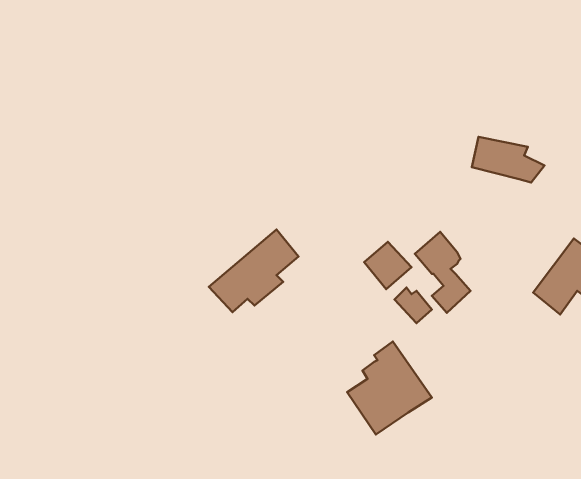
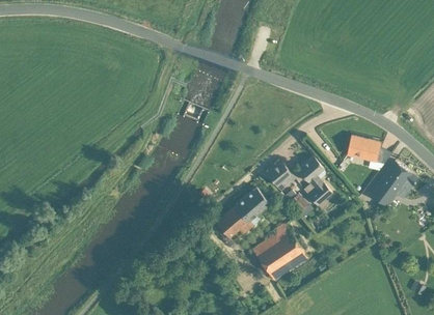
building: [472,137,545,182] -> [346,136,390,164]
building: [209,229,298,312] -> [213,188,268,238]

